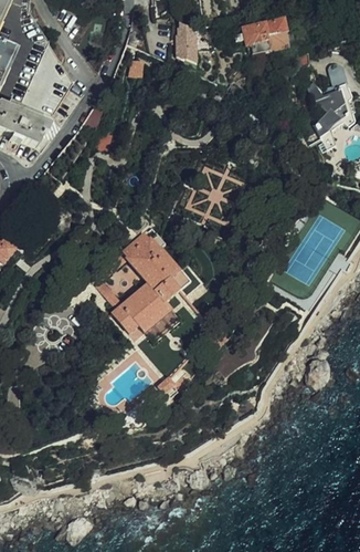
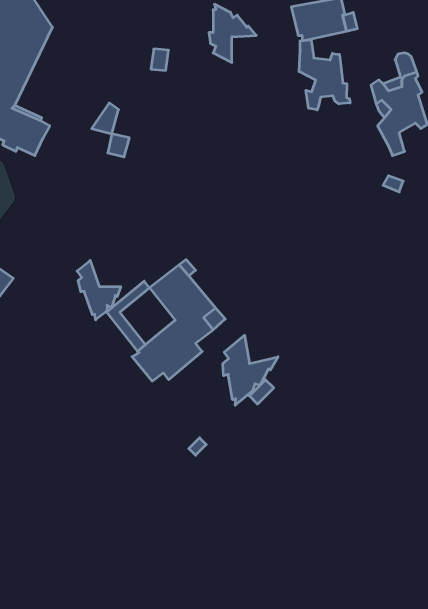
building: none -> [299,40,350,110]
building: none -> [77,260,121,320]
building: none -> [223,335,278,405]

